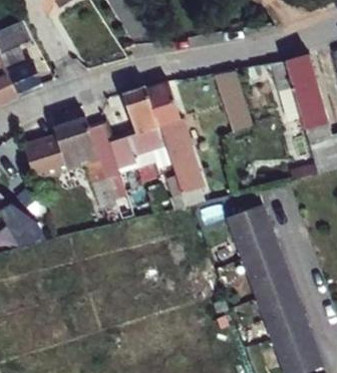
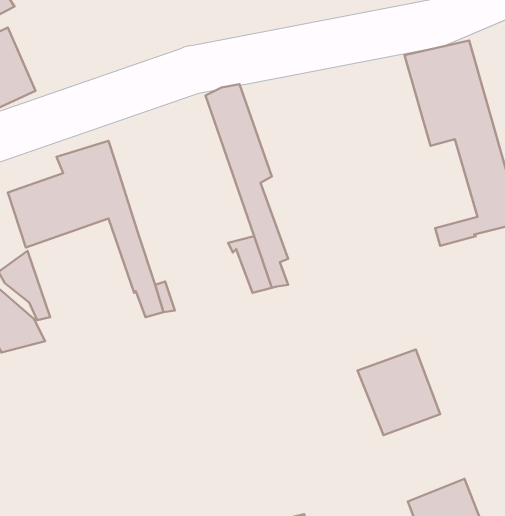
building: [90,84,173,171] -> none
building: [221,85,253,131] -> none
building: [226,204,277,258] -> none
building: [257,285,307,339] -> none

